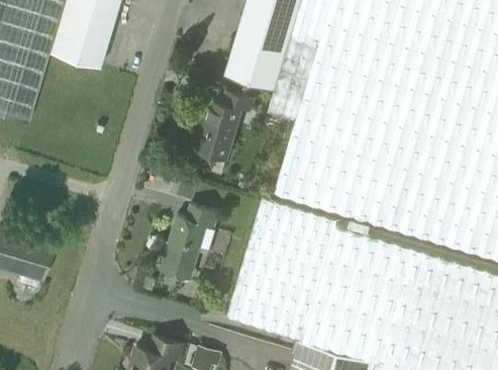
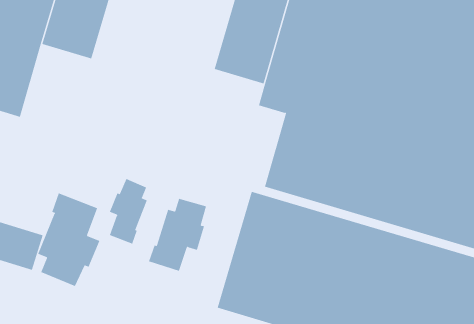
building: [190,94,253,161] -> none
building: none -> [109,178,148,244]
building: none -> [38,193,100,287]

